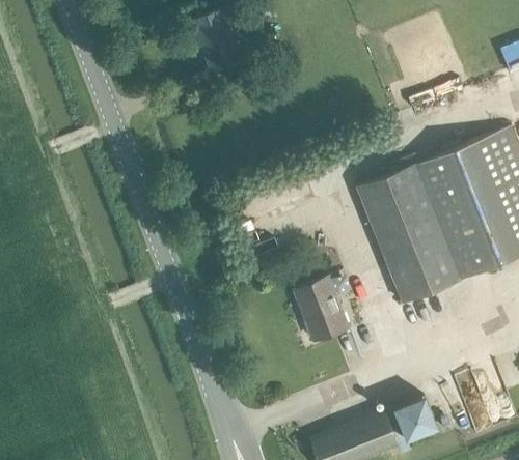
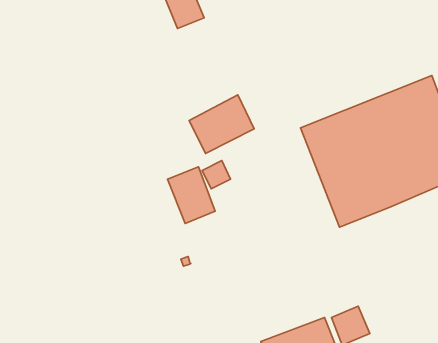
building: none -> [189,95,254,153]
building: [294,276,350,342] -> [167,167,215,224]

